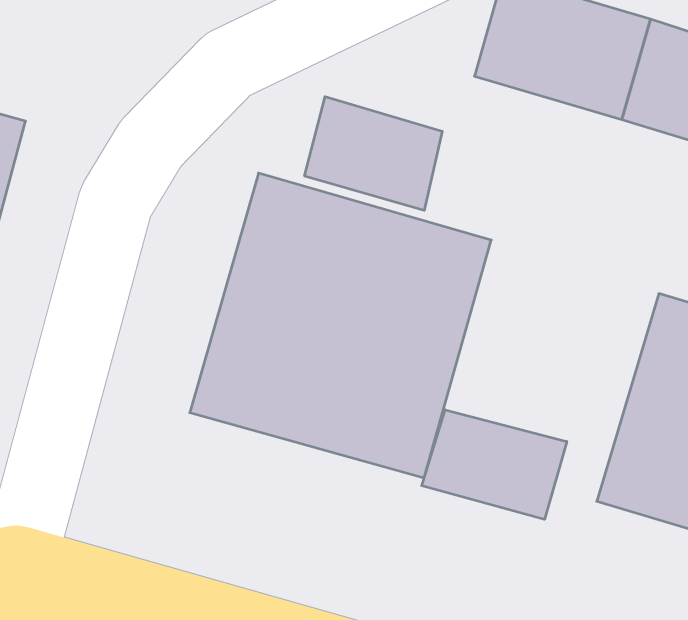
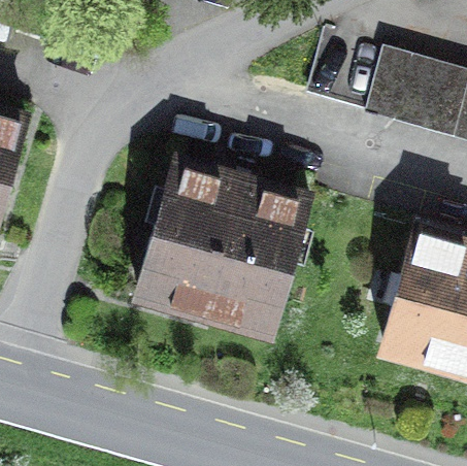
building: [305,97,442,210] -> none
building: [422,410,567,519] -> none

